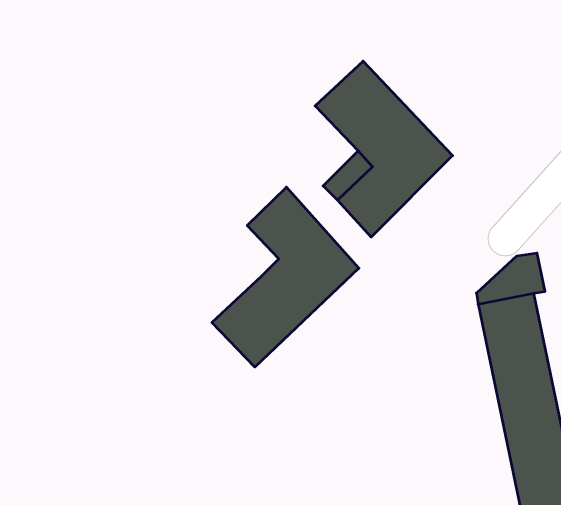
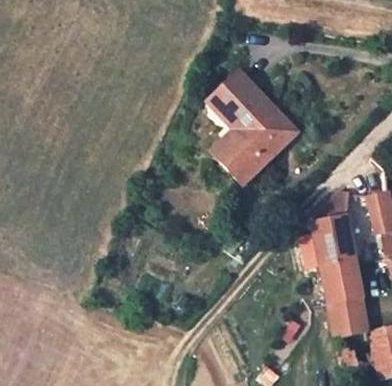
building: [212,187,359,367] -> none

